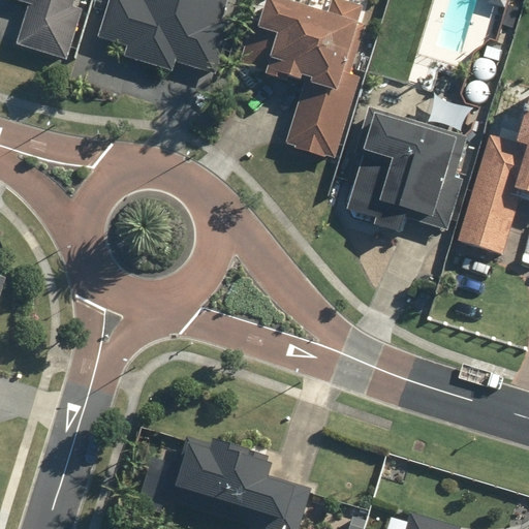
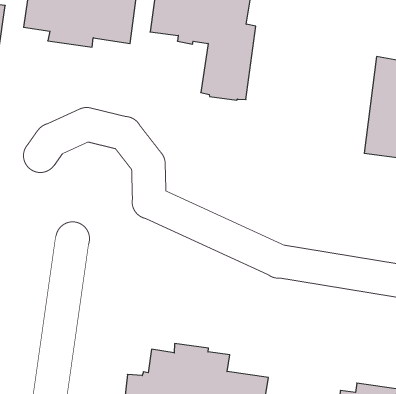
building: [347,107,467,240] -> none

